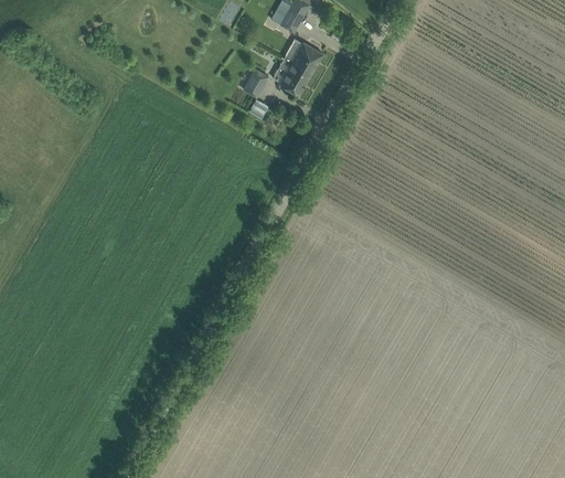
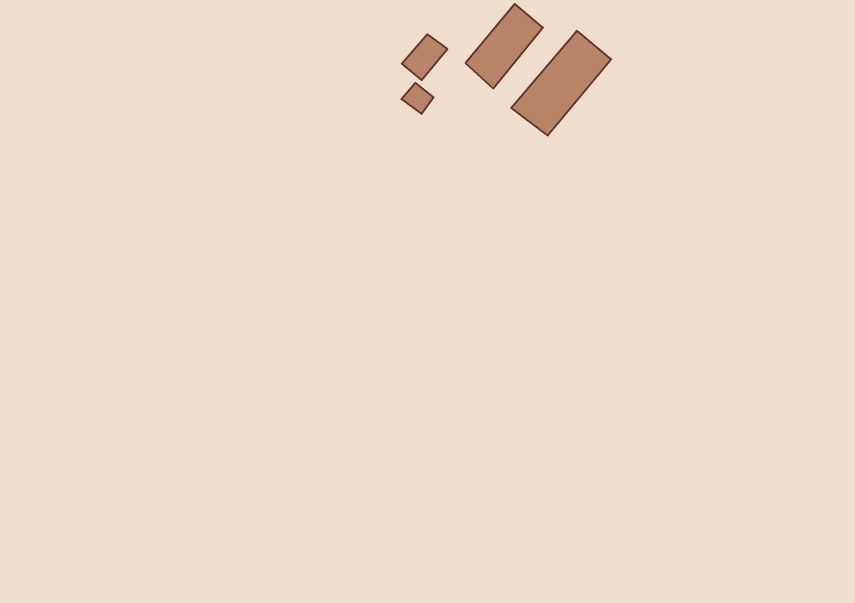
building: none -> [511,31,611,136]

